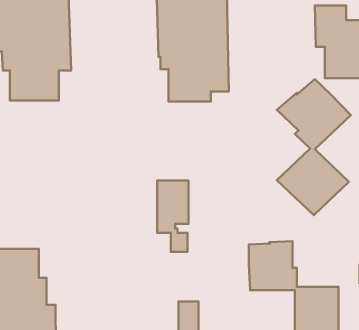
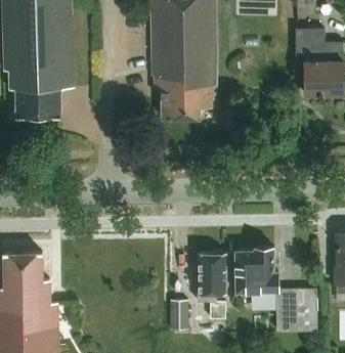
building: [277,79,351,215] -> none
building: [157,180,189,252] -> [197,252,225,317]

